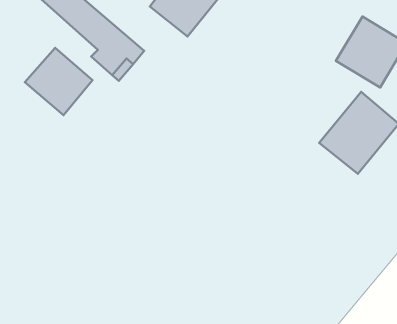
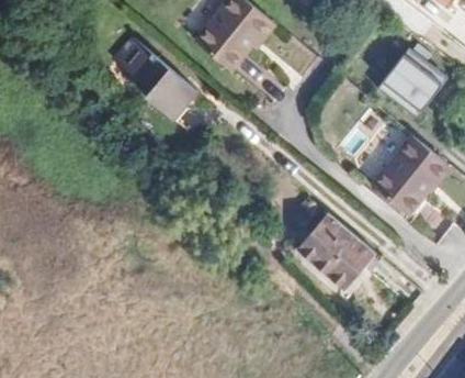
building: [25,48,93,115] -> none
building: none -> [290,210,361,278]

